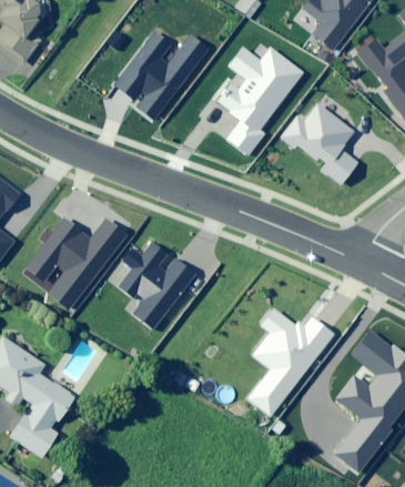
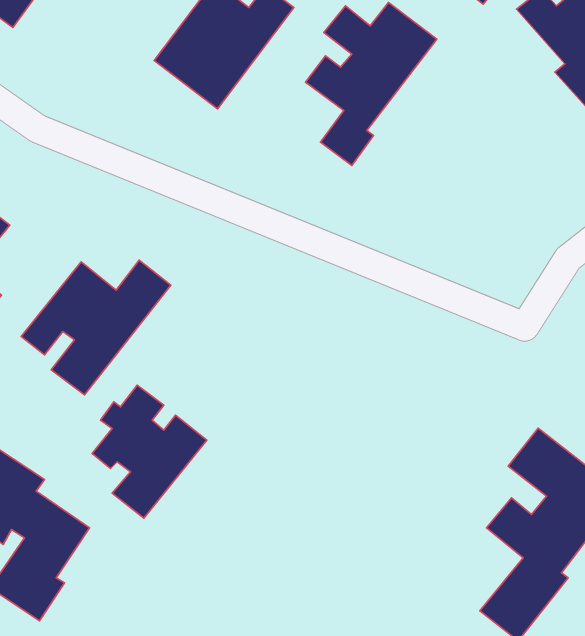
building: [282,103,358,184] -> none
building: [120,241,196,329] -> [92,385,207,518]
building: [247,308,333,415] -> none

